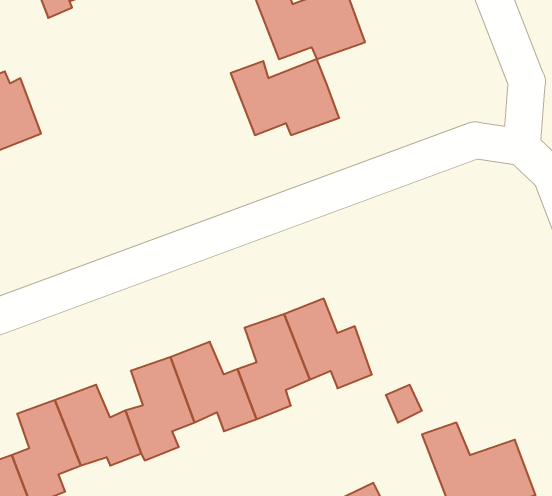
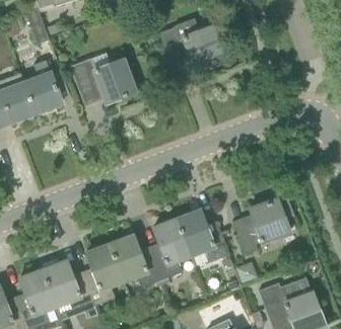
building: none -> [21,59,62,112]
building: [231,59,339,135] -> [71,58,135,102]
building: none -> [233,196,294,254]

